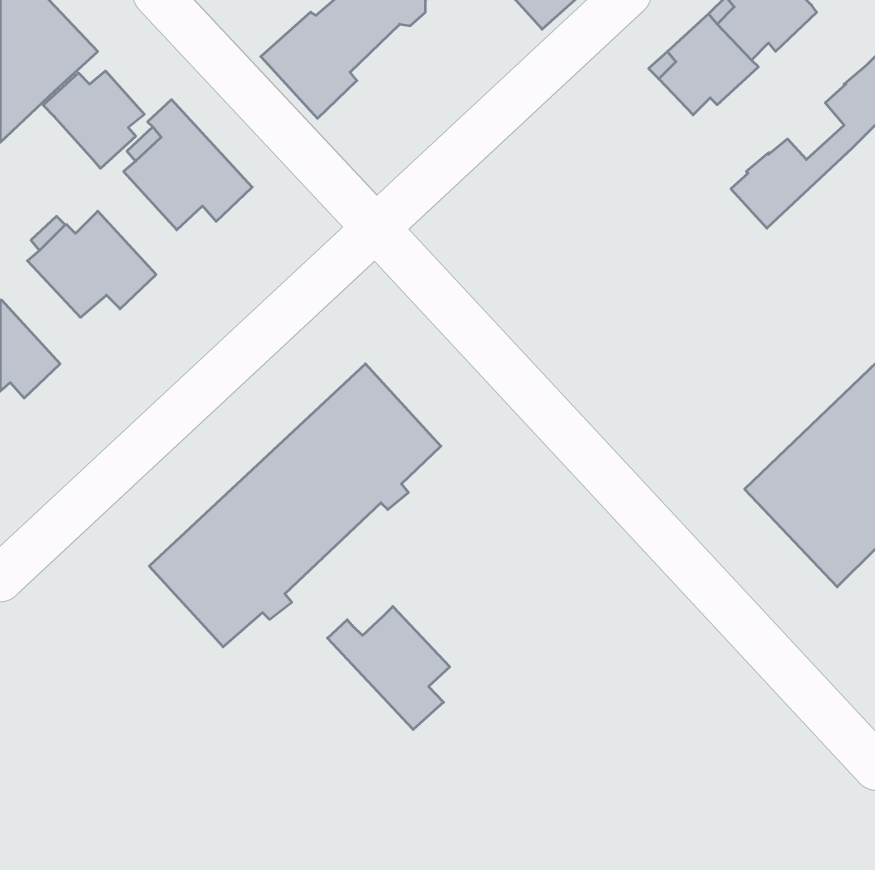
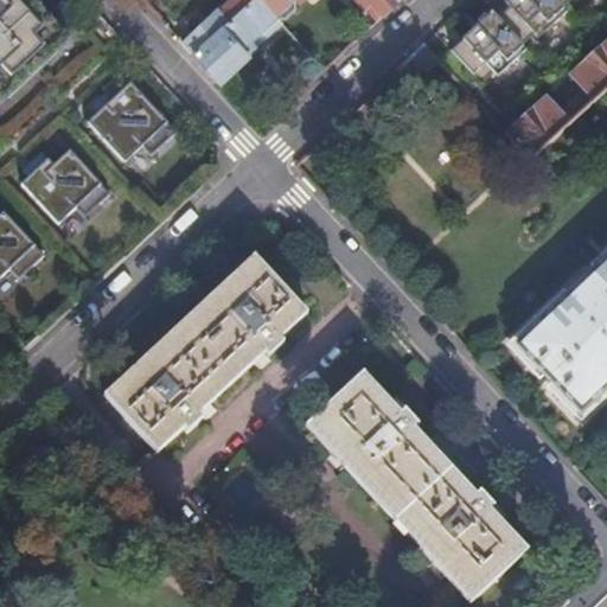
building: [43,71,144,168] -> none
building: none -> [307,372,524,596]
building: [327,606,450,730] -> none

